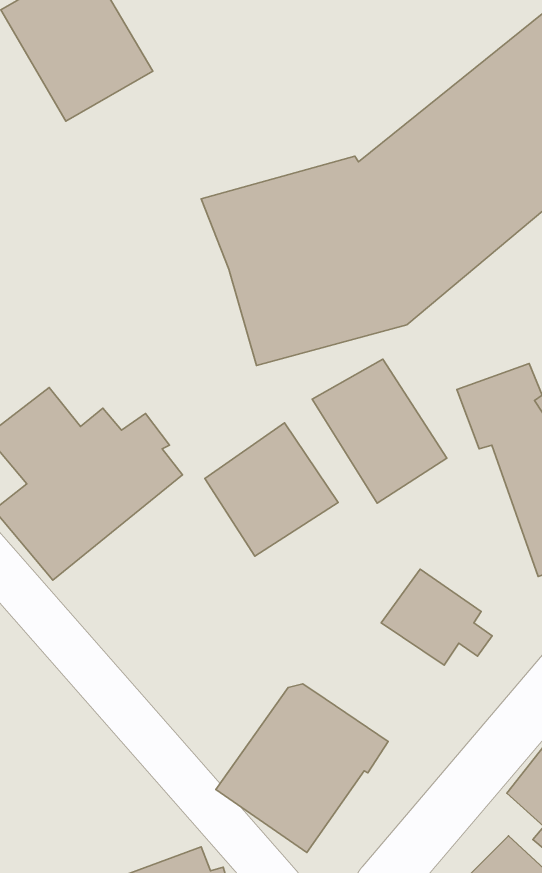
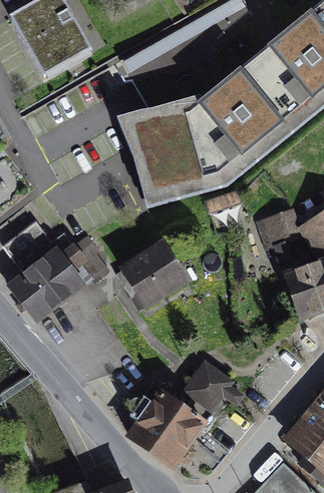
building: [312,359,447,503] -> none
building: [381,569,492,665] -> [185,358,245,410]

